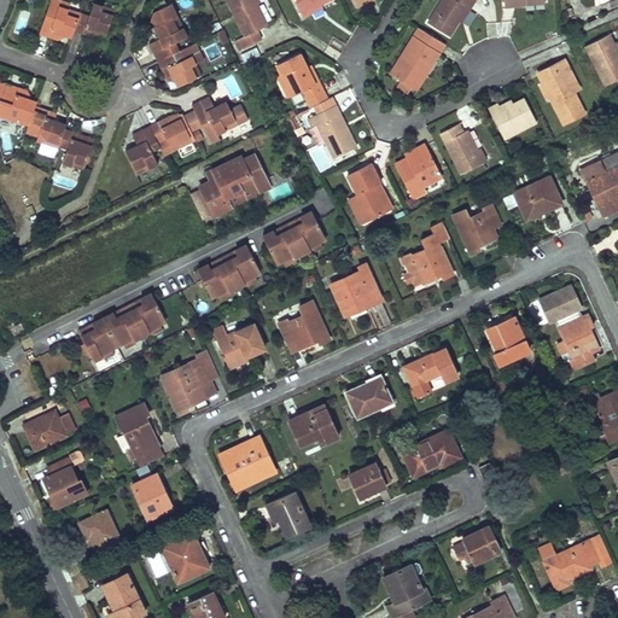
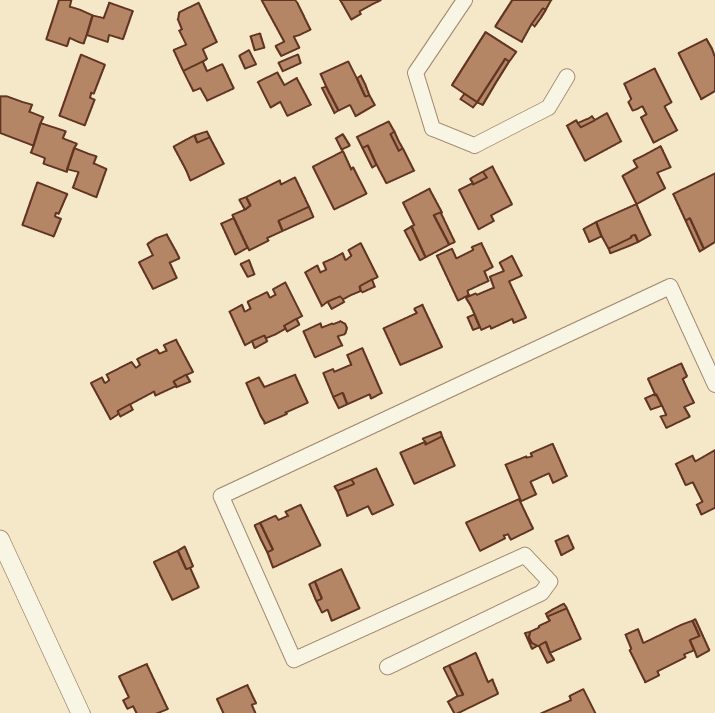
building: none -> [60,55,105,125]
building: [192,98,238,135] -> [258,72,311,116]
building: [441,124,484,175] -> none
building: none -> [623,146,671,204]
building: [126,128,161,175] -> [139,234,179,289]
building: none -> [313,151,366,209]
building: none -> [23,182,67,237]
building: [453,205,501,255] -> [437,243,493,300]
building: none -> [304,321,347,357]
building: [537,284,583,325] -> none
building: [489,317,530,366] -> none
building: [404,349,457,398] -> [505,444,567,501]
building: [162,360,218,415] -> none
building: [115,404,159,460] -> none
building: [24,412,76,451] -> none
building: [43,459,87,511] -> none
building: [349,464,386,496] -> none
building: [80,511,123,555] -> none
building: [162,532,209,582] -> none

